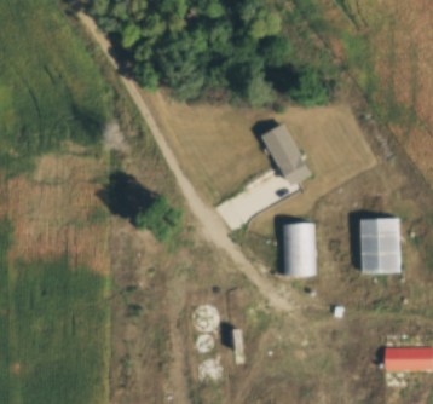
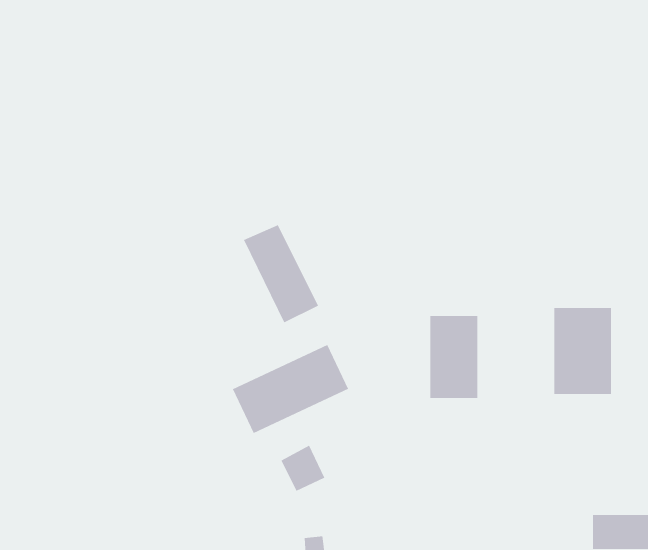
building: [262,123,310,185] -> [243,224,319,323]
building: none -> [232,344,349,434]

